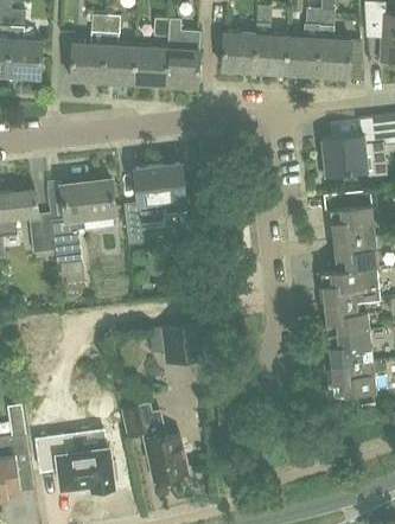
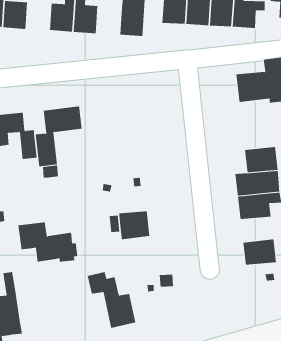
building: [133,46,166,85] -> none
building: [122,164,185,247] -> none
building: [329,191,375,241] -> none
building: [326,331,372,365] -> none
building: [34,434,116,488] -> [17,222,78,262]

